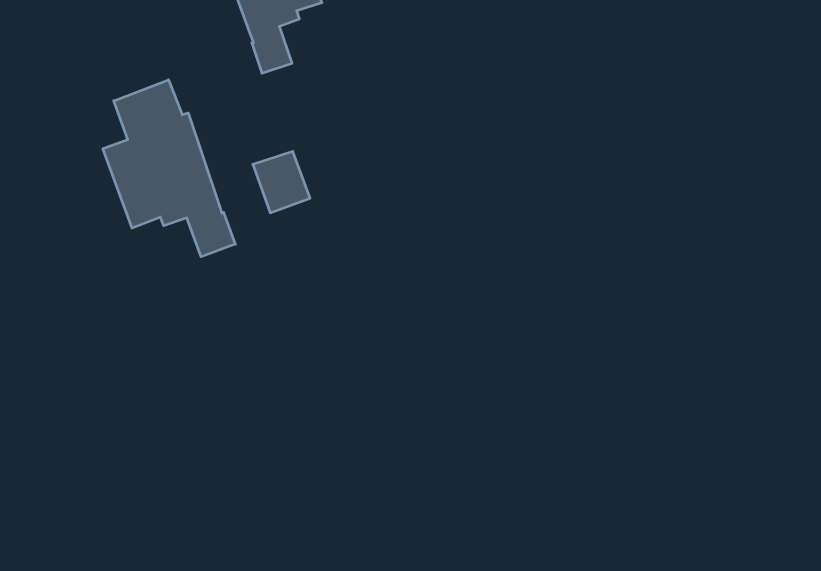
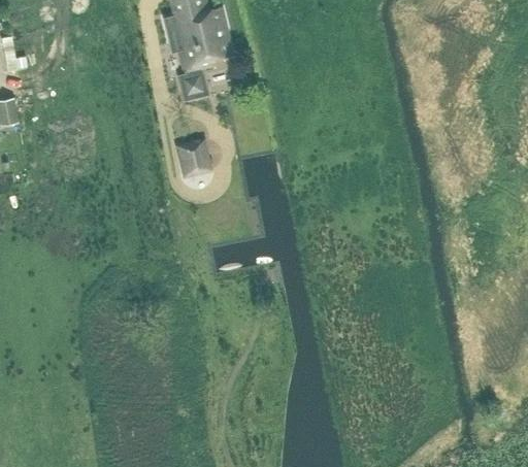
building: [103,80,235,257] -> none

